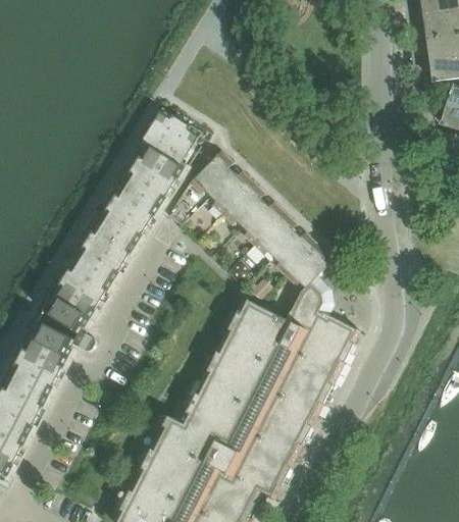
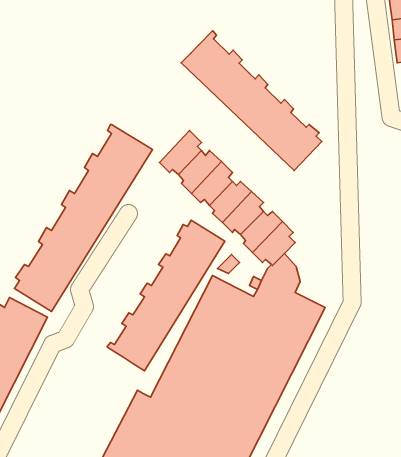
building: none -> [181,31,322,171]
building: [140,110,200,171] -> none
building: none -> [107,220,225,371]

